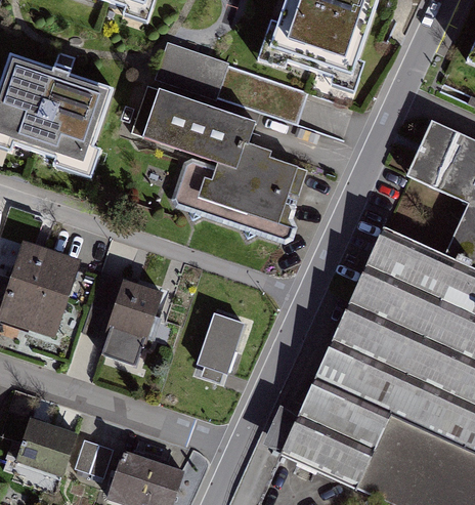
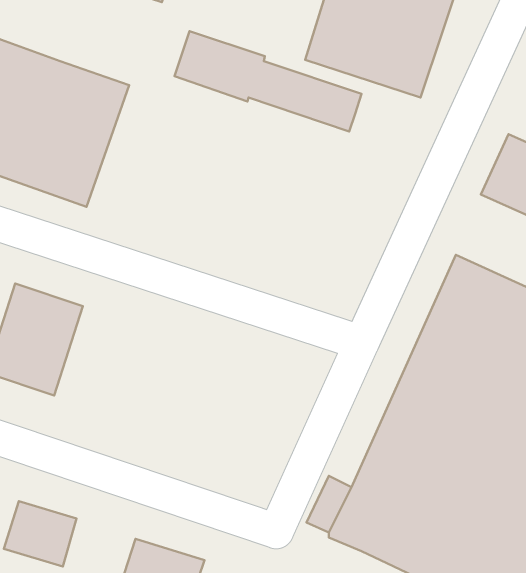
building: [135,85,311,245] -> none
building: [93,285,163,376] -> none
building: [198,309,245,371] -> none
building: [75,438,114,476] -> none

